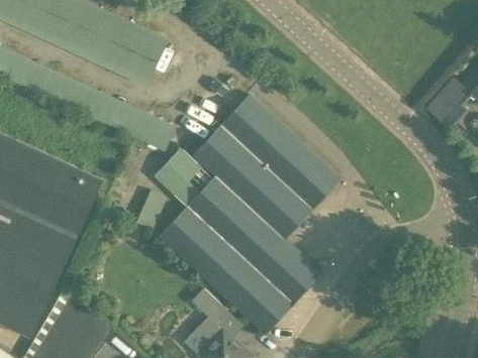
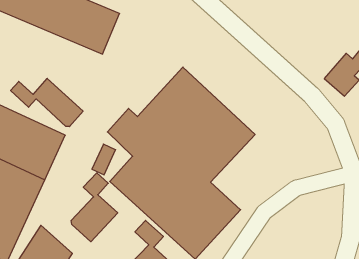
building: none -> [11,78,83,127]
building: none -> [71,173,118,242]

